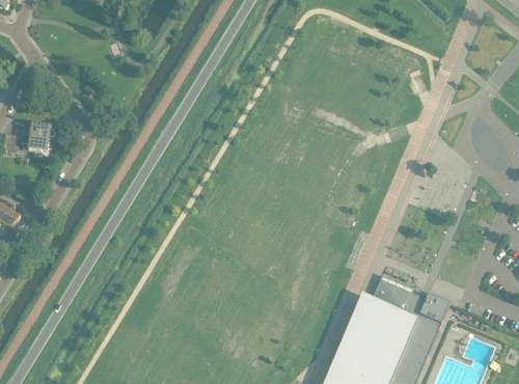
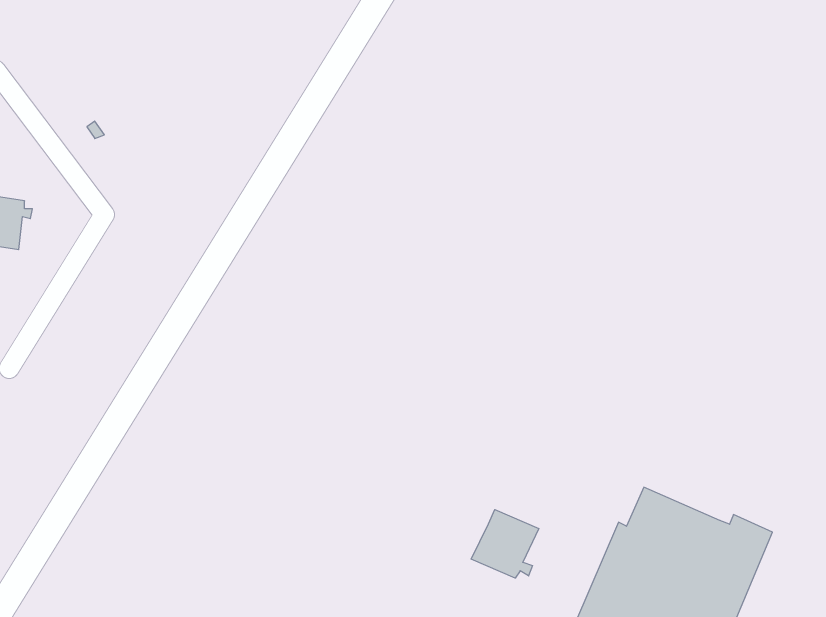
building: none -> [471,510,539,578]

